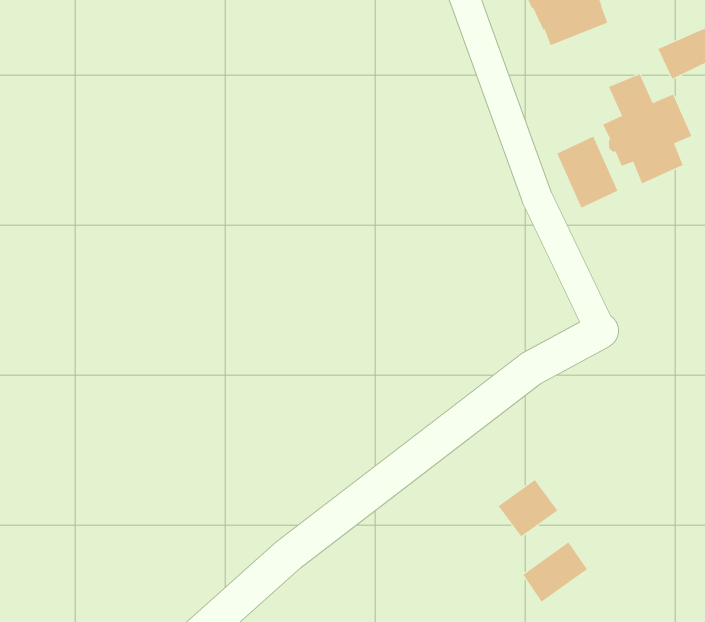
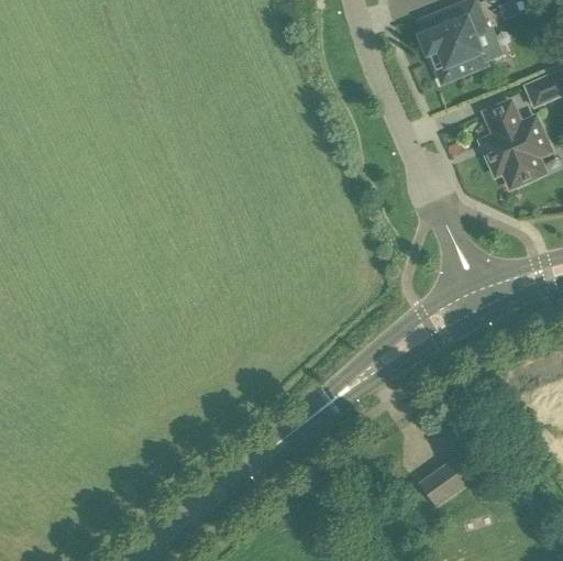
building: [557,136,618,208] -> none
building: [498,479,558,537] -> none

